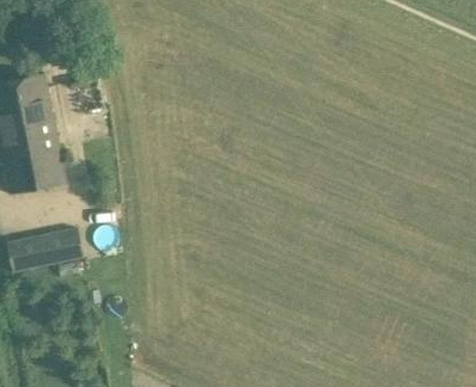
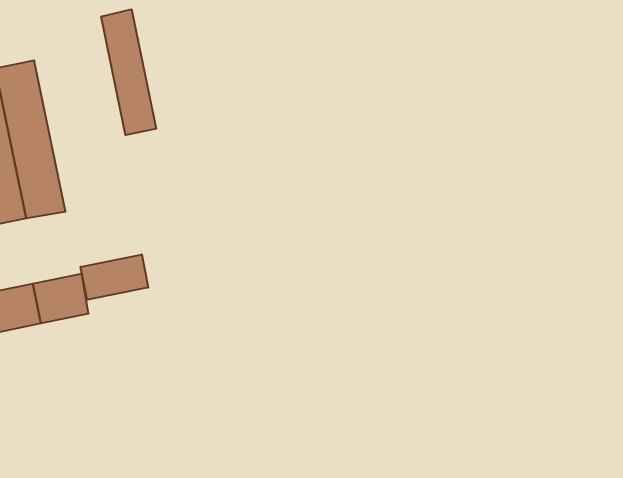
building: none -> [101,9,156,135]
building: none -> [81,254,148,300]

